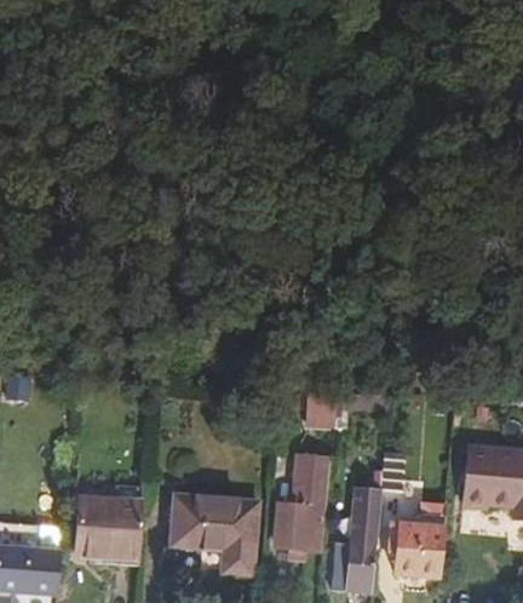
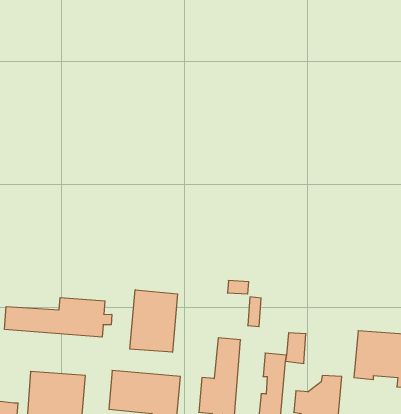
building: none -> [130,290,178,352]
building: none -> [5,298,112,337]

